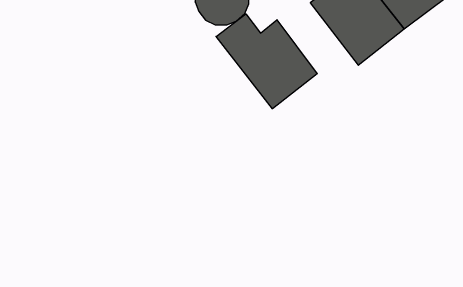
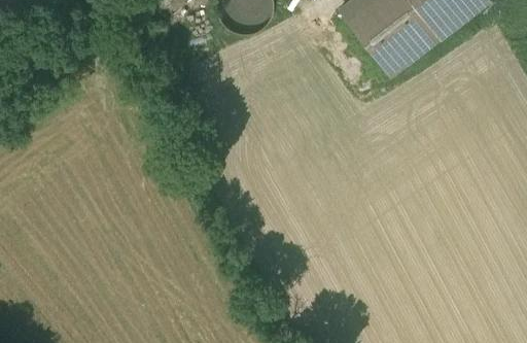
building: [216,14,317,109] -> none

